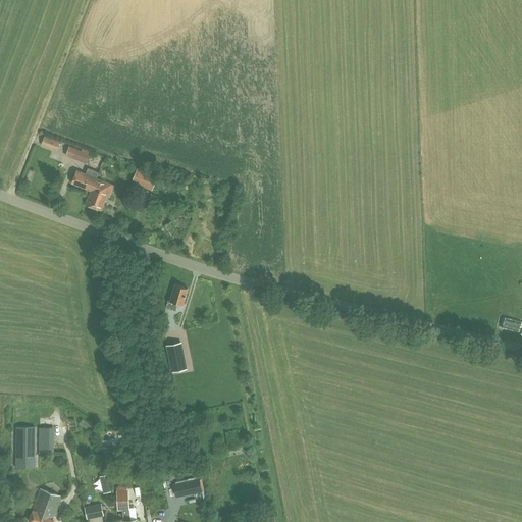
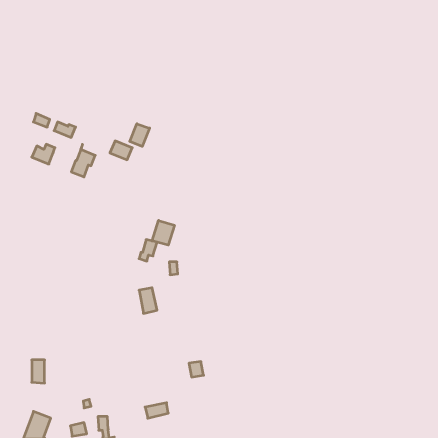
building: none -> [130,124,150,146]
building: [70,168,98,192] -> [32,144,55,164]
building: none -> [152,220,174,245]
building: [14,427,35,469] -> none

